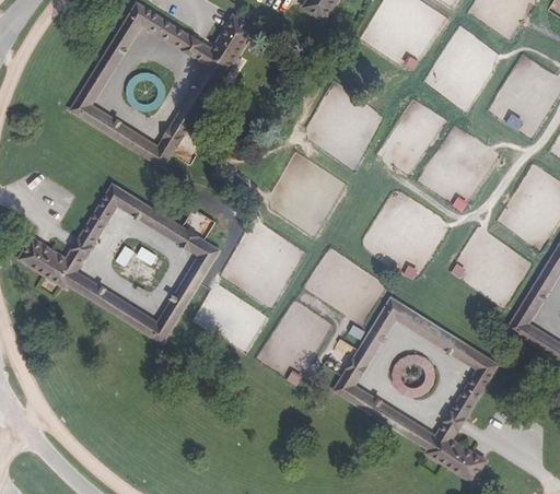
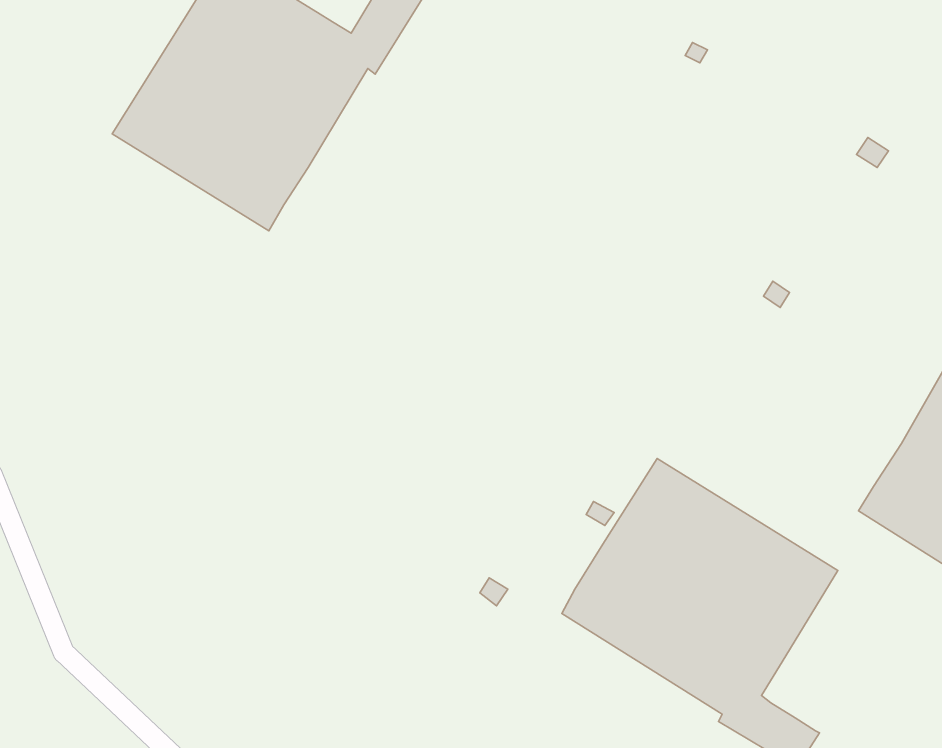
building: [19,183,219,340] -> none

